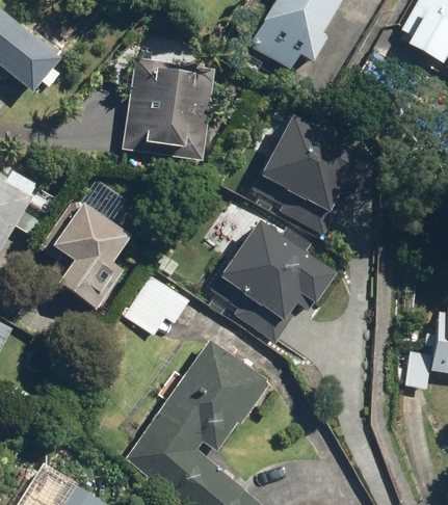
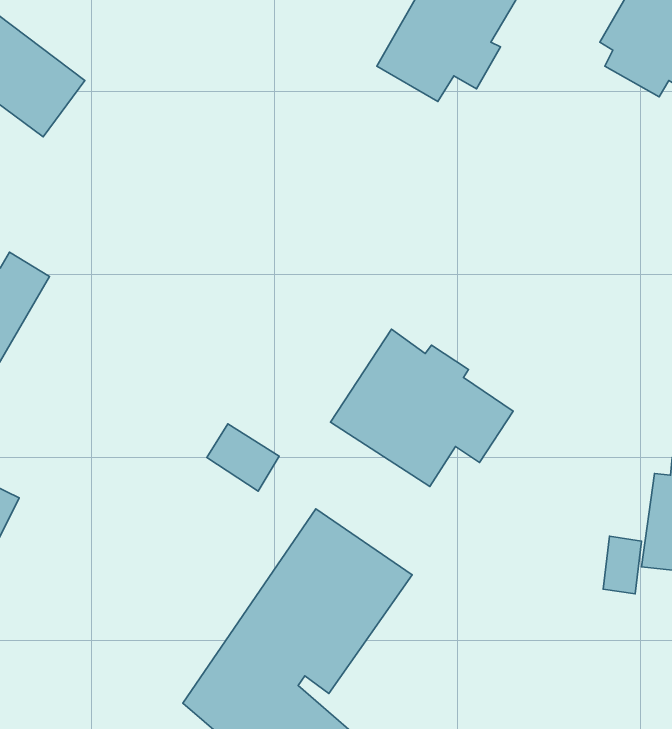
building: [123,58,204,156] -> none
building: [261,112,366,213] -> none
building: [51,180,134,309] -> none

